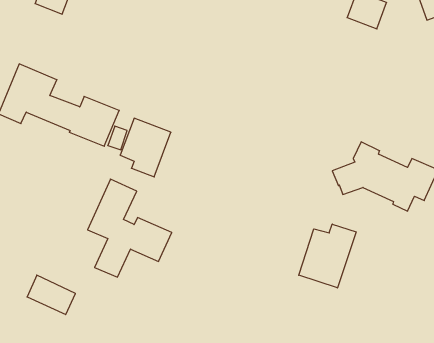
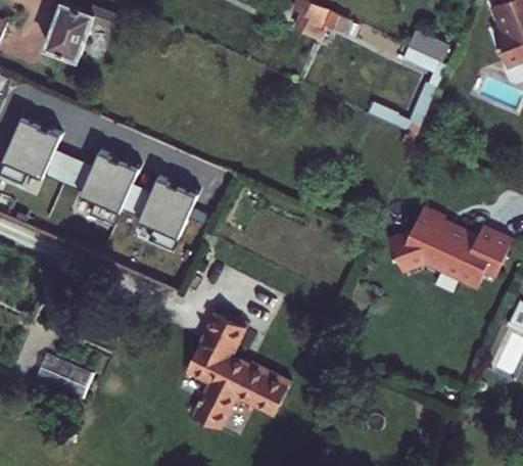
building: [88,179,172,277] -> [190,316,288,430]
building: [299,224,356,288] -> none

